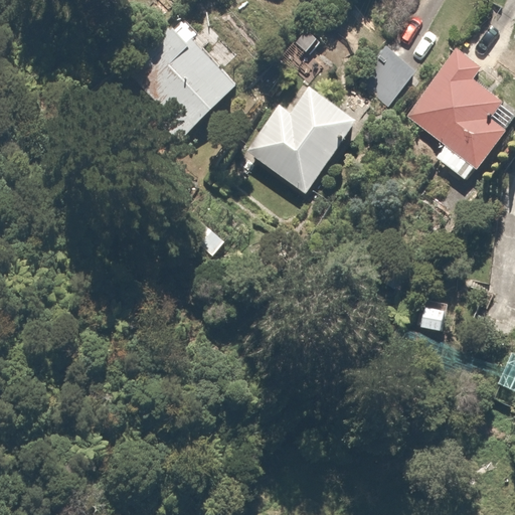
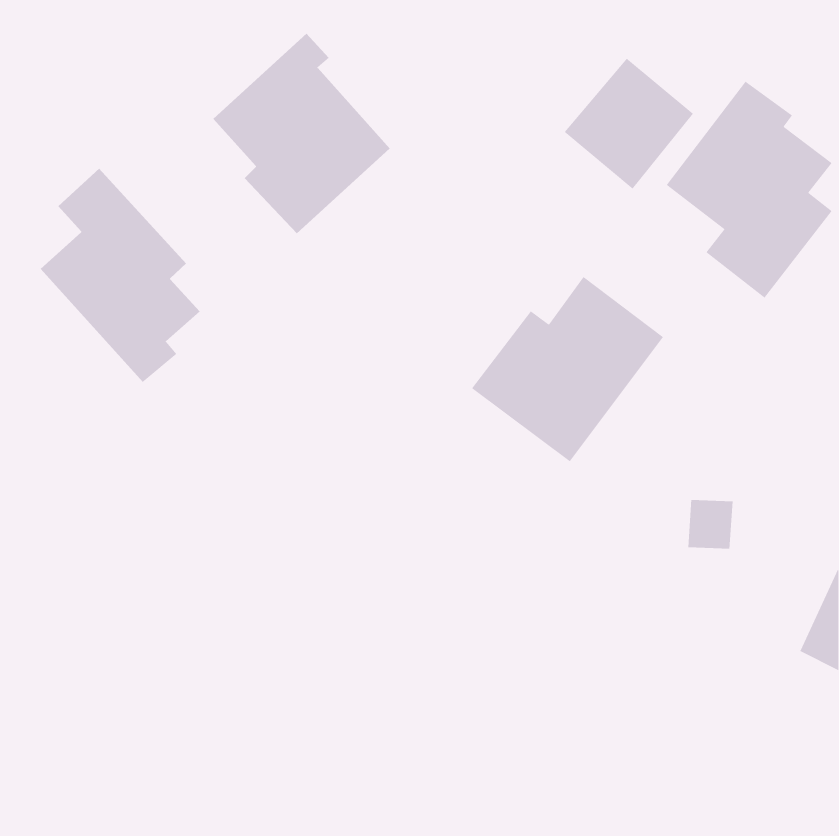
building: [243,80,361,194] -> [471,276,664,462]
building: none -> [40,168,200,383]

